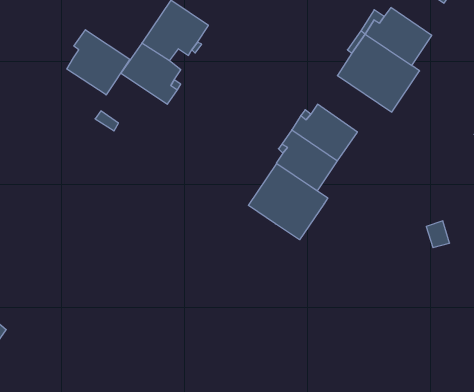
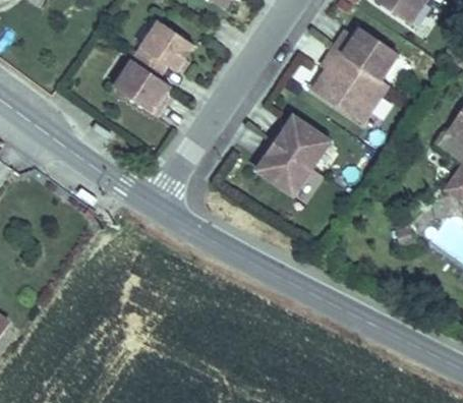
building: [67,30,130,95] -> none
building: [248,163,328,240] -> none

